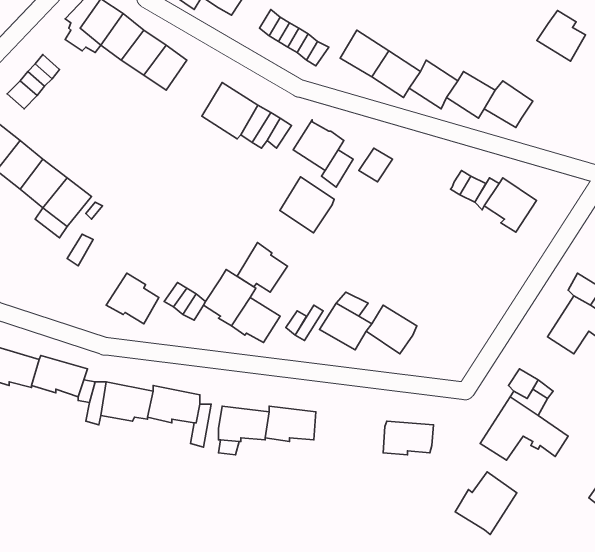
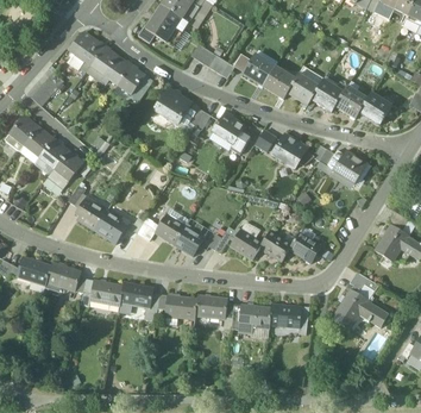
building: [537,11,586,61] -> [358,93,389,125]
building: [280,177,334,233] -> [272,133,307,169]
building: [237,243,288,292] -> none
building: none -> [76,200,107,231]
building: none -> [289,232,322,264]
building: none -> [239,305,271,327]
building: [455,472,517,534] -> none

